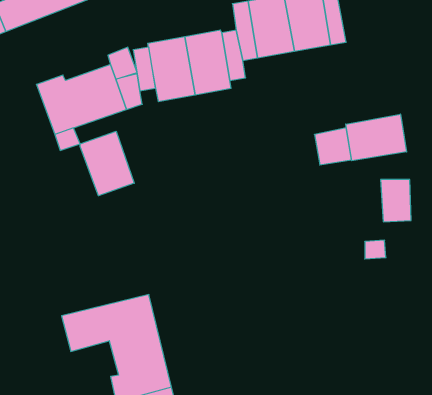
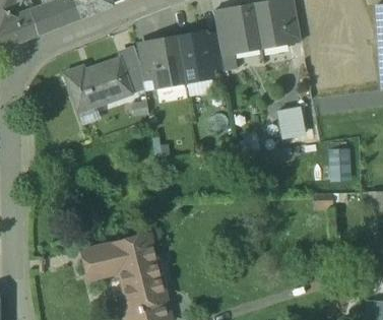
building: [346,114,407,161] -> none
building: [80,131,134,196] -> none

